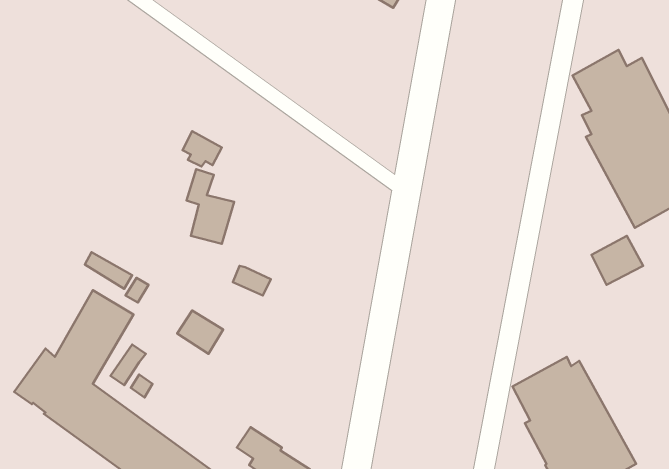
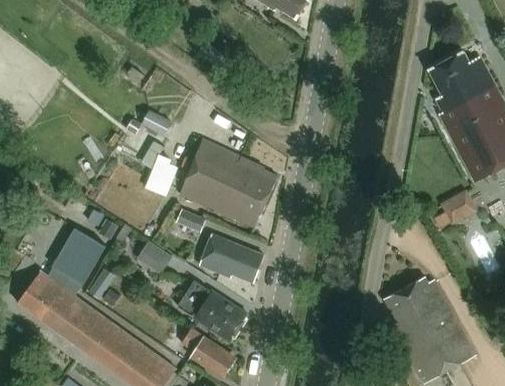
building: none -> [180,139,278,229]
building: none -> [194,234,264,283]
building: none -> [177,280,248,342]

